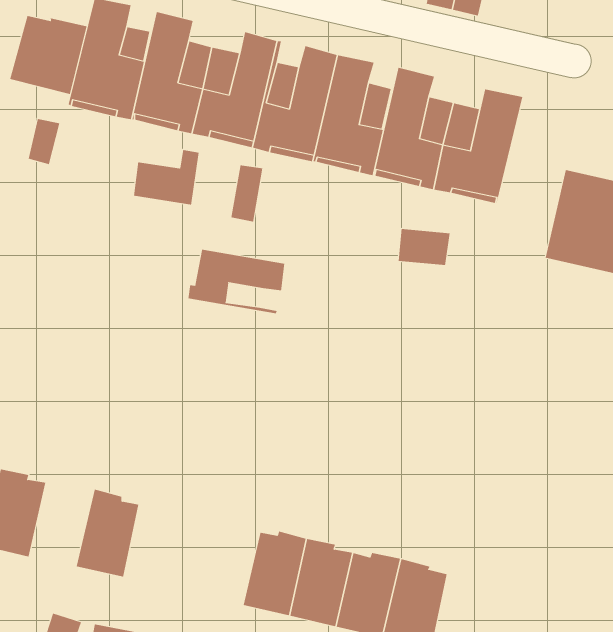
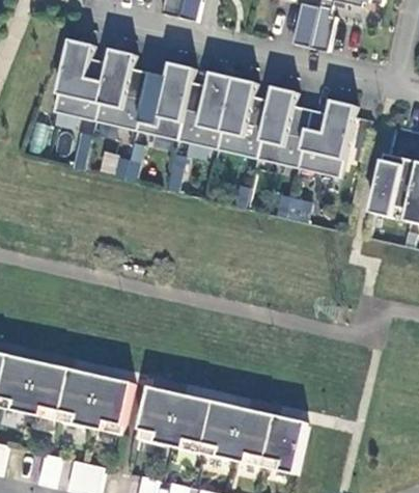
building: [9,15,87,95] -> none
building: [188,249,285,314] -> none
building: none -> [26,362,69,418]
building: none -> [89,377,133,434]
building: none -> [137,385,180,444]

